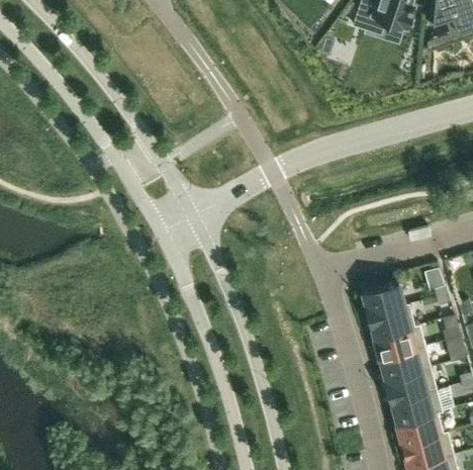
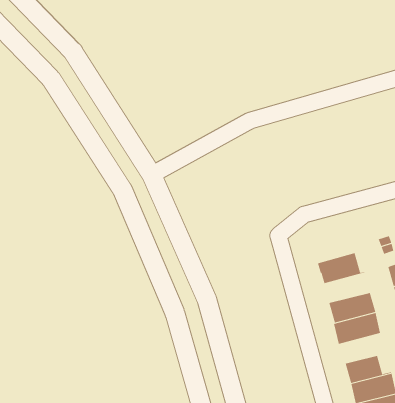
building: [363,285,408,317] -> none
building: [375,327,424,360] -> none
building: [390,392,442,425] -> none

